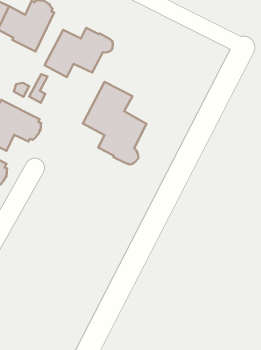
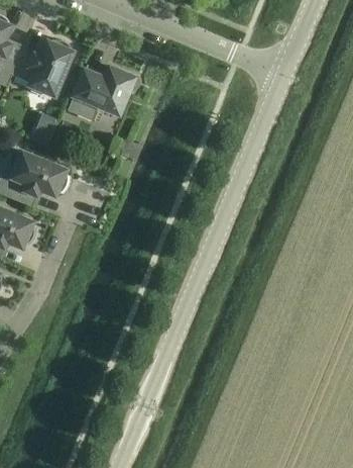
building: [83,82,147,165] -> none

